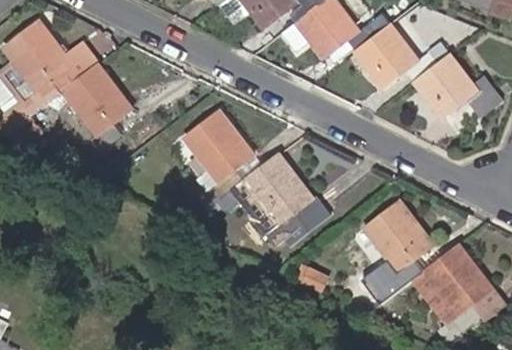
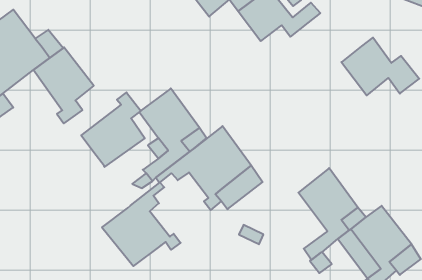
building: [356,23,450,84] -> none
building: none -> [81,92,145,167]
building: none -> [102,182,181,266]

